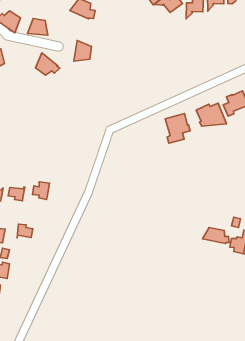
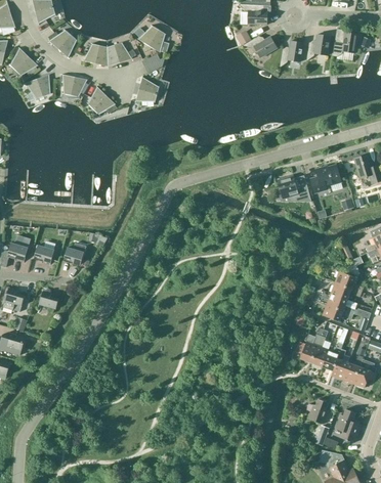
building: none -> [107,42,131,65]
building: none -> [62,74,87,96]
building: [165,114,190,143] -> none
building: [203,227,229,243] -> none

